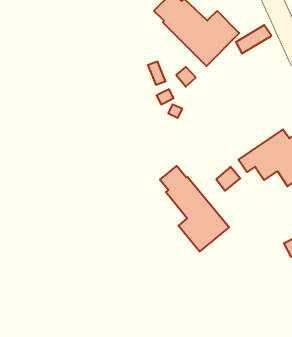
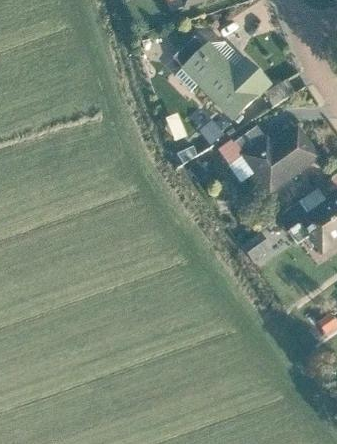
building: none -> [222,124,320,192]
building: [160,166,229,252] -> none

